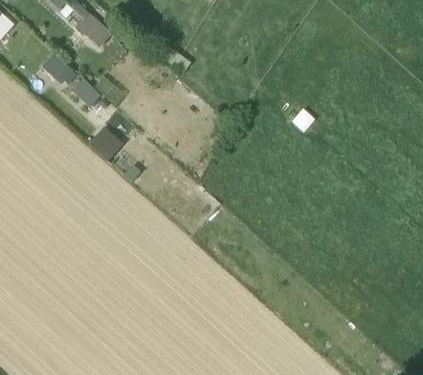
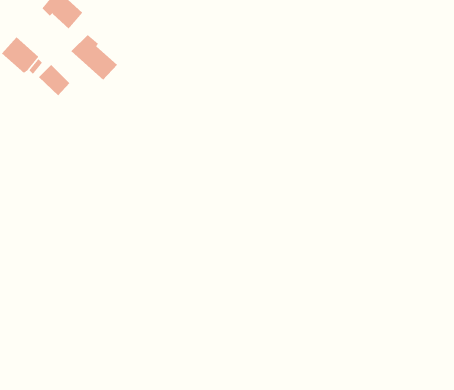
building: none -> [70,34,118,81]
building: [88,125,123,160] -> none

